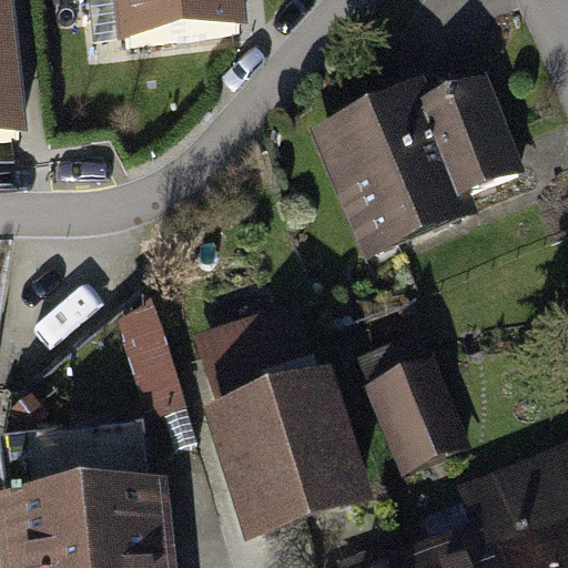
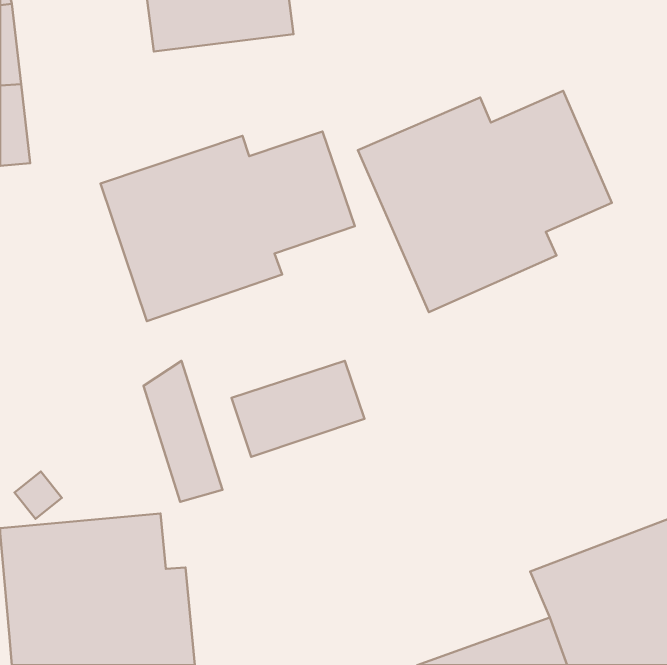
building: none -> [100,131,355,321]
building: [361,358,459,476] -> none
building: [192,363,362,538] -> none

